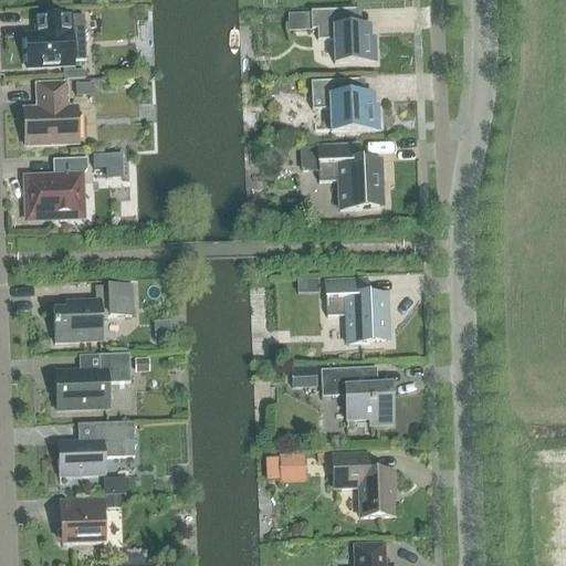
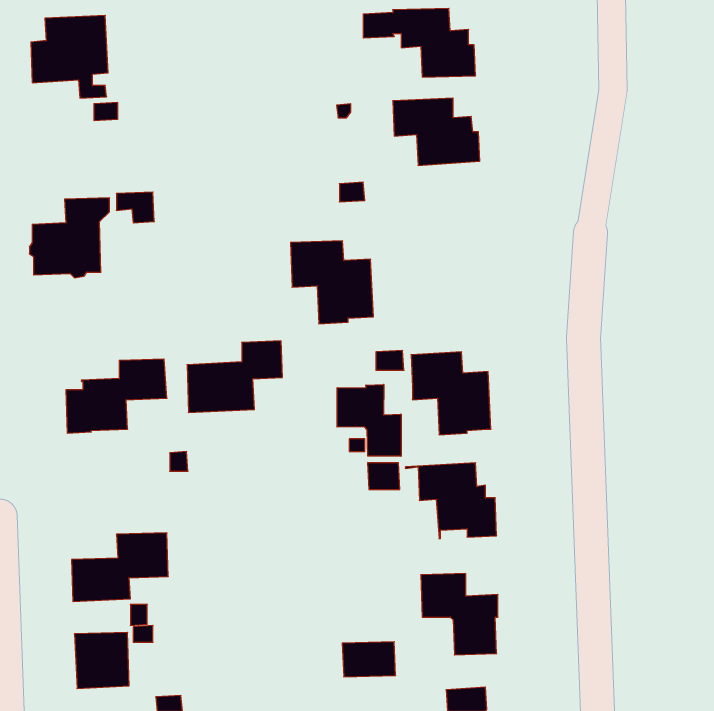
building: [24,82,78,143] -> none
building: [318,144,384,209] -> [291,241,373,324]
building: none -> [337,384,401,456]
building: [56,352,132,408] -> [187,341,282,412]
building: [268,453,310,481] -> [342,642,396,677]

